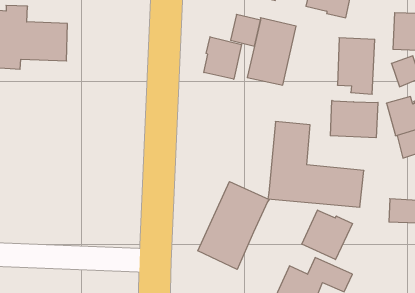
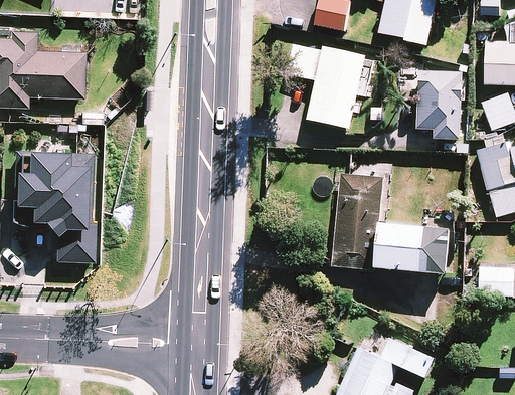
building: [204,37,242,79] -> none
building: [330,100,378,138] -> none
building: none -> [15,151,99,262]
building: [198,182,269,269] -> none
building: [302,210,352,260] -> none

